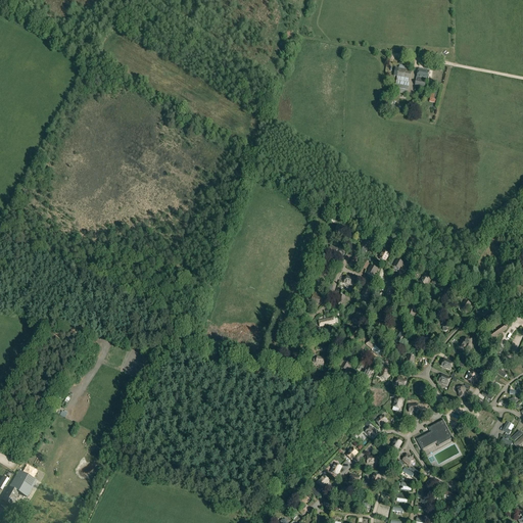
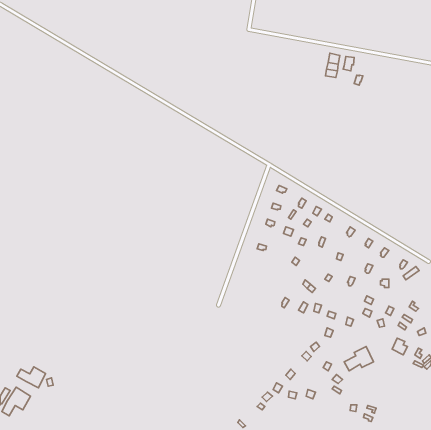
building: none -> [17,367,45,388]

